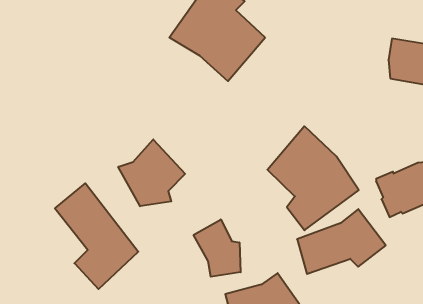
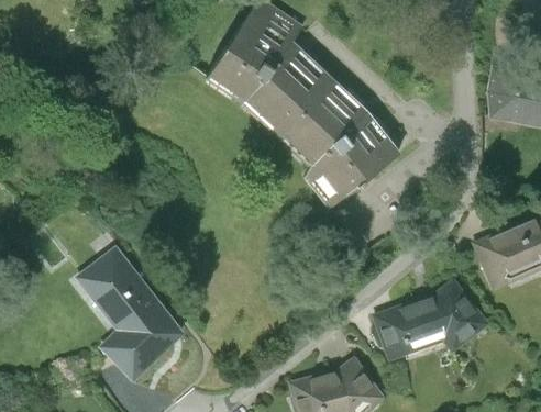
building: [267,126,359,230] -> [287,70,400,199]
building: [118,139,185,206] -> none
building: [194,219,241,277] -> none

